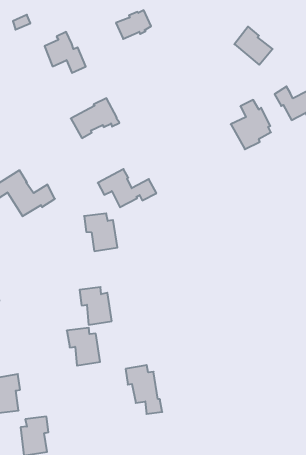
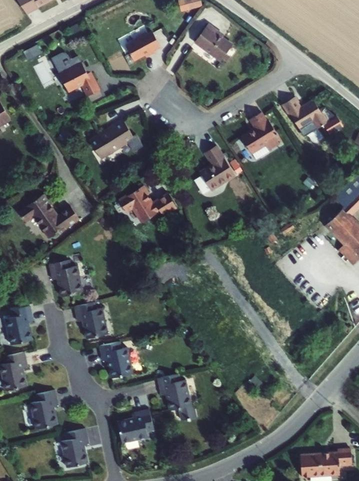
building: [234,27,273,65] -> [194,23,231,59]
building: none -> [194,146,234,191]
building: [84,213,117,251] -> [48,260,82,297]
building: [80,287,112,325] -> [74,302,107,339]
building: none -> [116,409,152,443]

